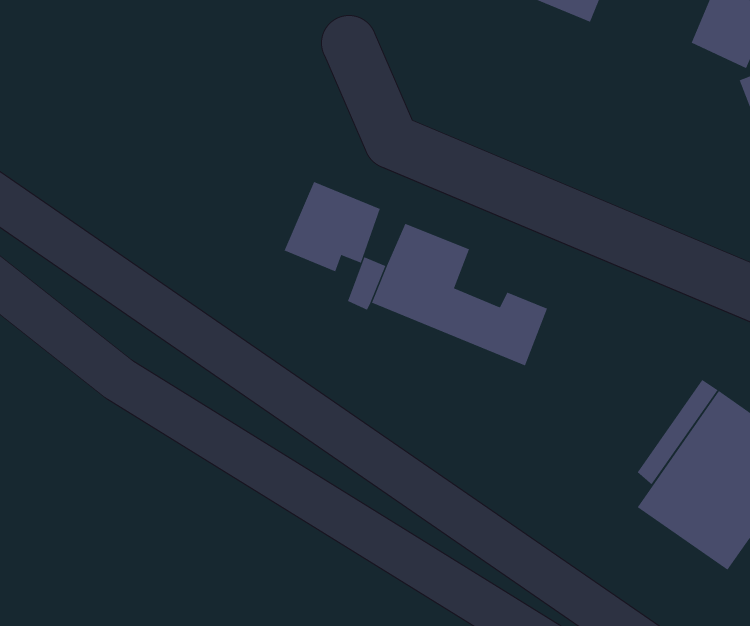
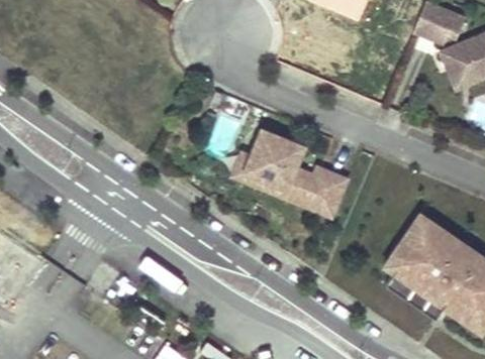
building: [284,181,381,272] -> none

